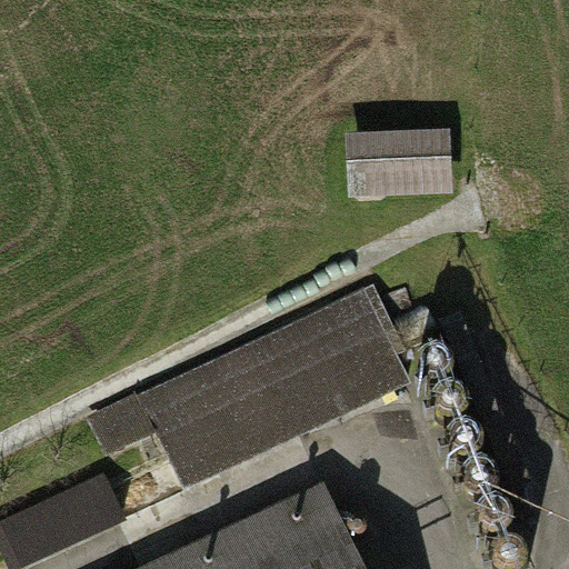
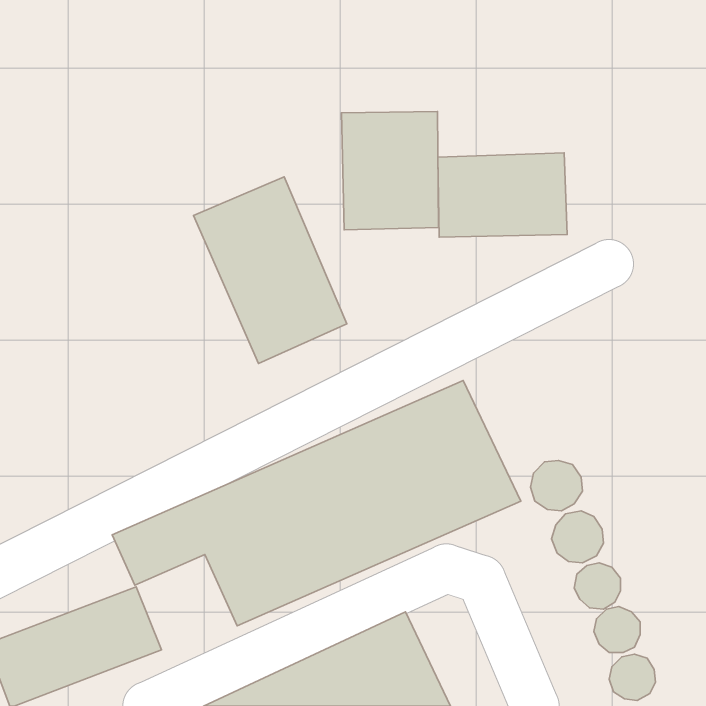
building: none -> [341,112,438,230]
building: none -> [193,177,347,363]

